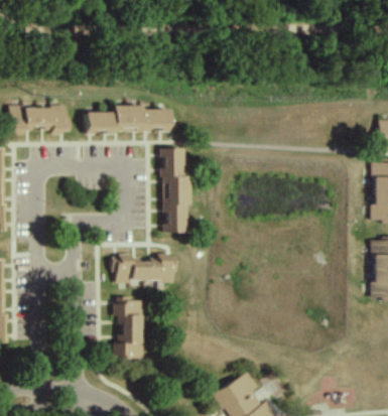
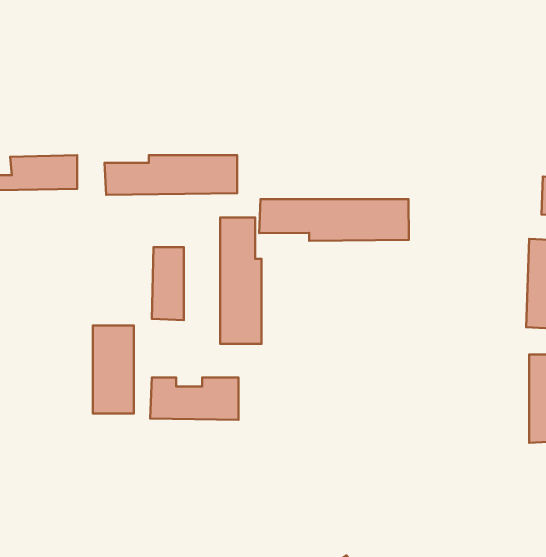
building: none -> [259,199,409,241]
building: none -> [152,247,184,320]
building: [116,300,143,359] -> [93,325,134,414]

